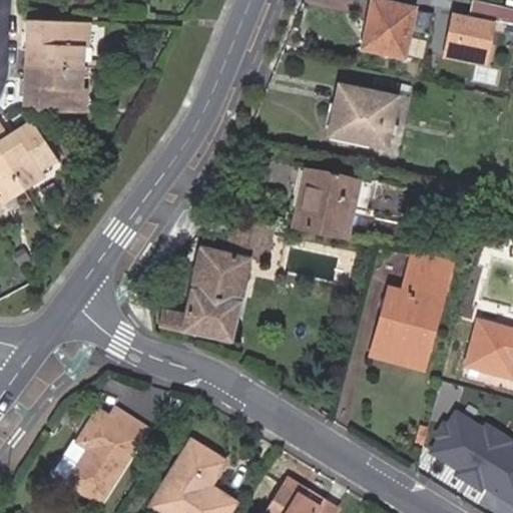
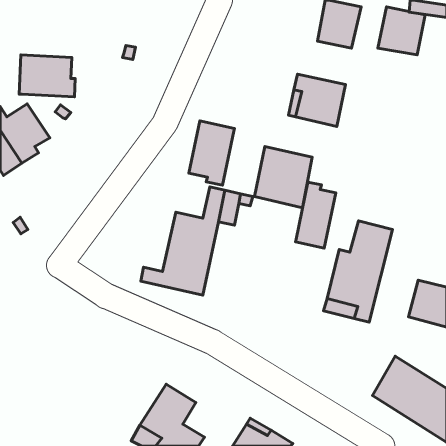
building: [25,18,90,66] -> none
building: none -> [189,121,235,185]
building: none -> [295,182,336,248]
building: [69,410,146,503] -> none

